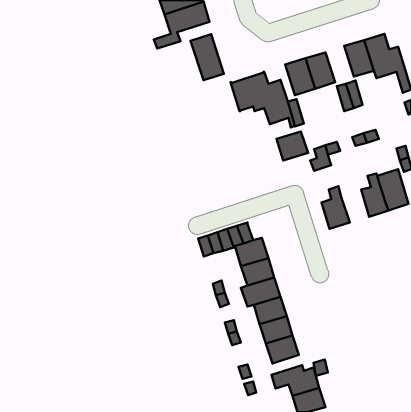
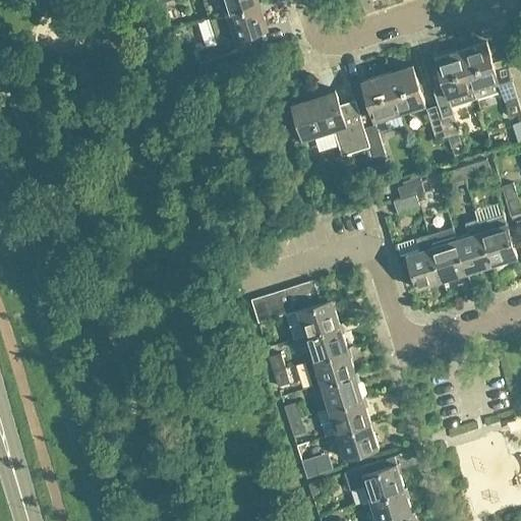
building: [191,34,224,80] -> none
building: [277,131,308,161] -> none
building: none -> [430,239,466,281]

